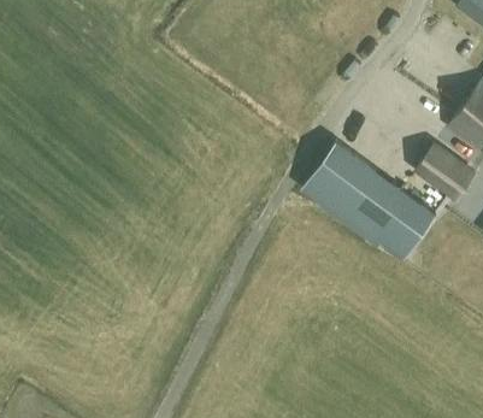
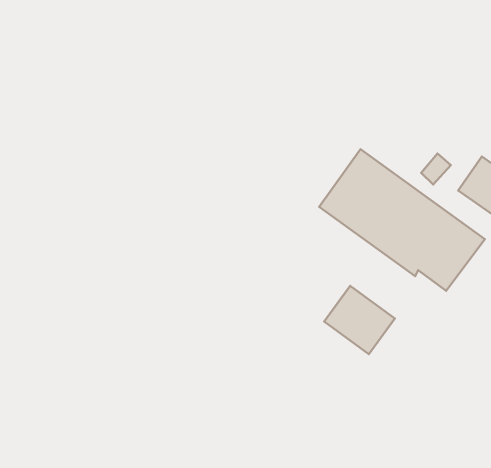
building: none -> [324,286,395,354]

